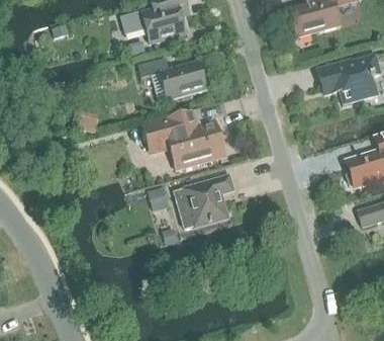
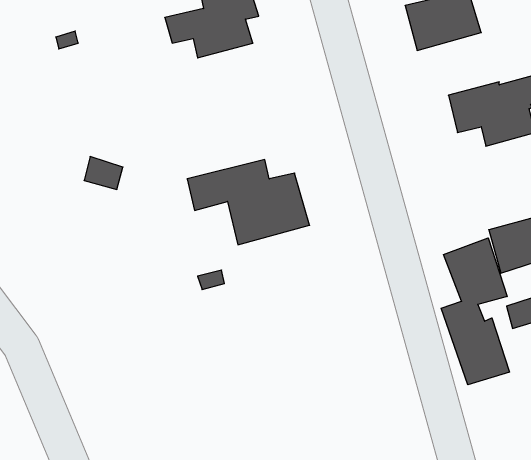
building: [138,56,206,98] -> none
building: none -> [441,238,510,385]
building: [174,173,233,228] -> none

